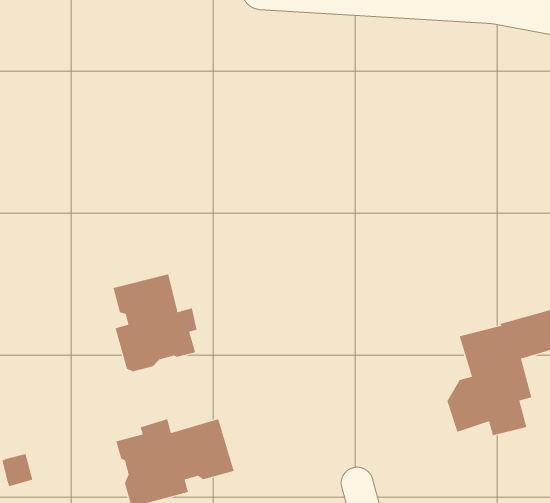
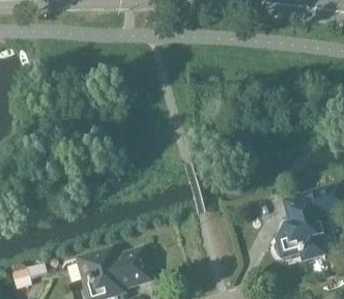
building: [113,274,197,372] -> none

